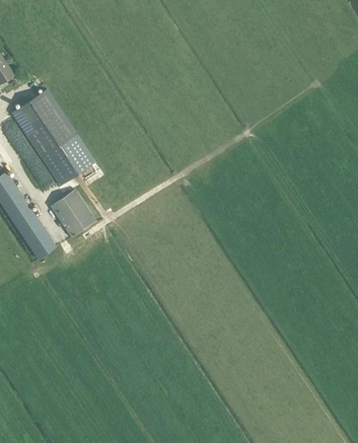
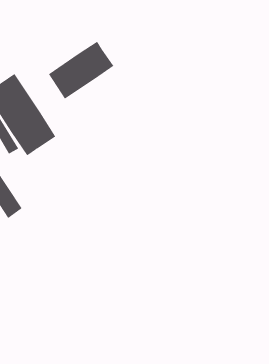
building: none -> [48,41,114,99]
building: [49,190,94,238] -> none

